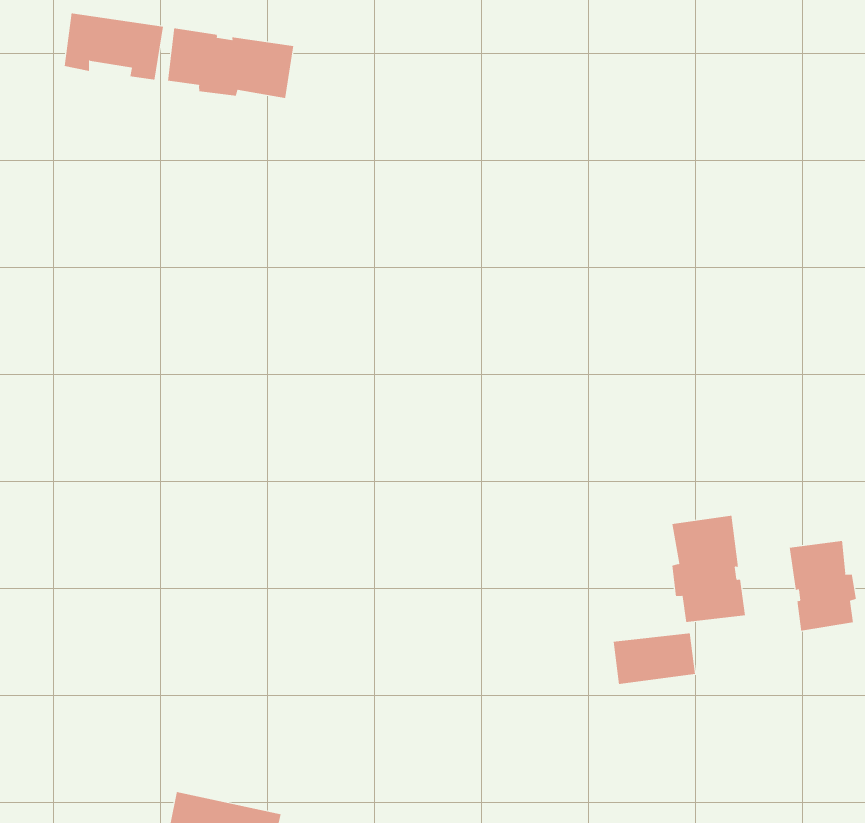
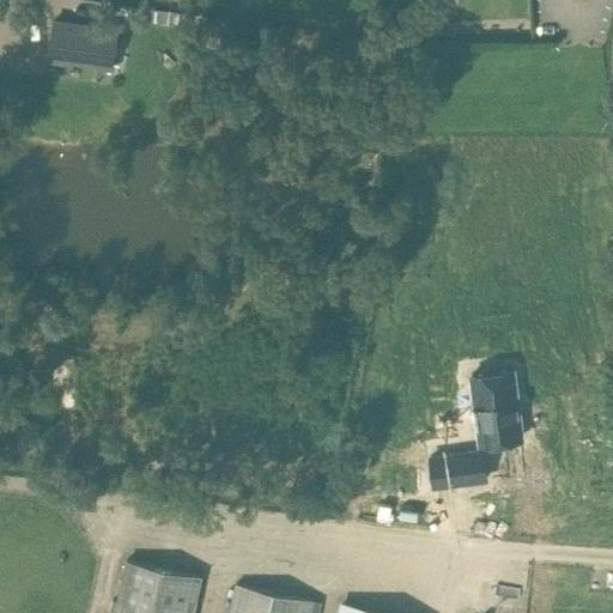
building: [168,28,294,99] -> none
building: [789,540,856,631] -> none

